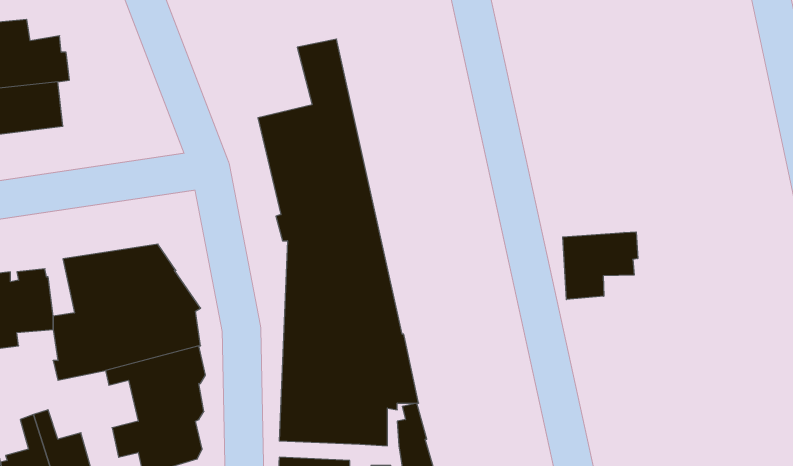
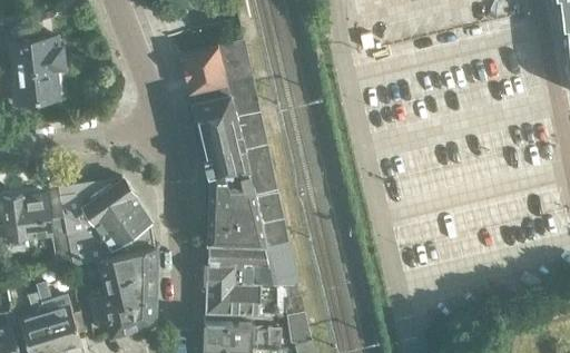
building: none -> [181,45,228,92]
building: [563,232,638,300] -> none

